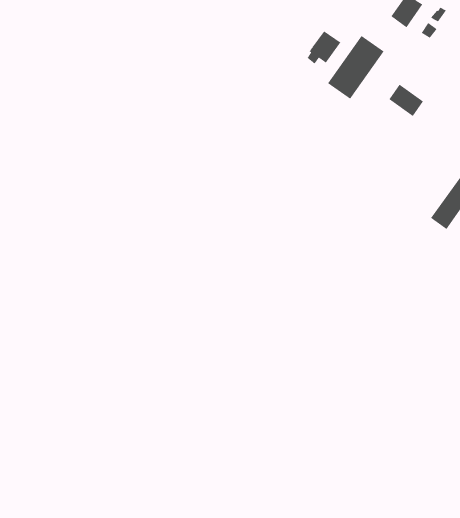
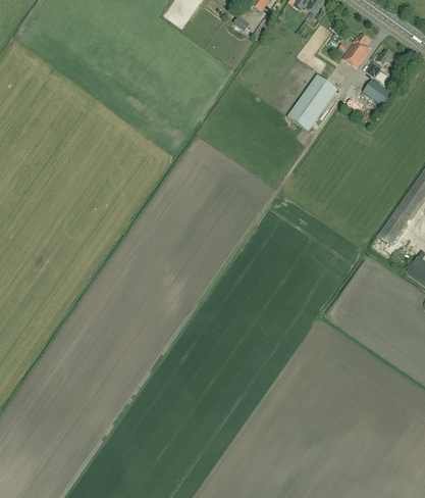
building: [307,30,341,65] -> none
building: [389,84,424,117] -> [364,79,394,107]

